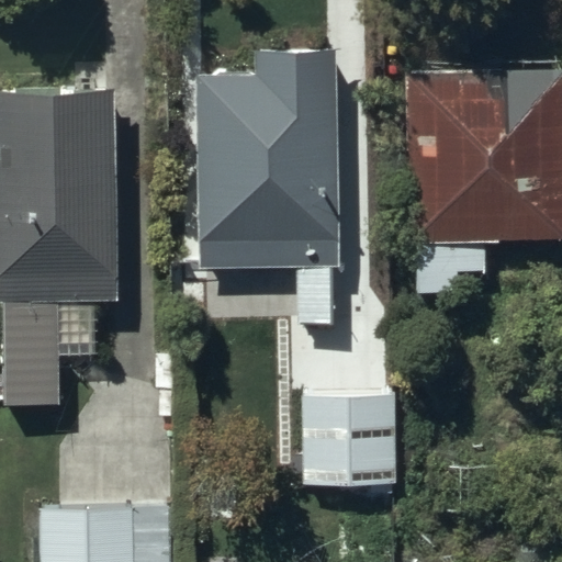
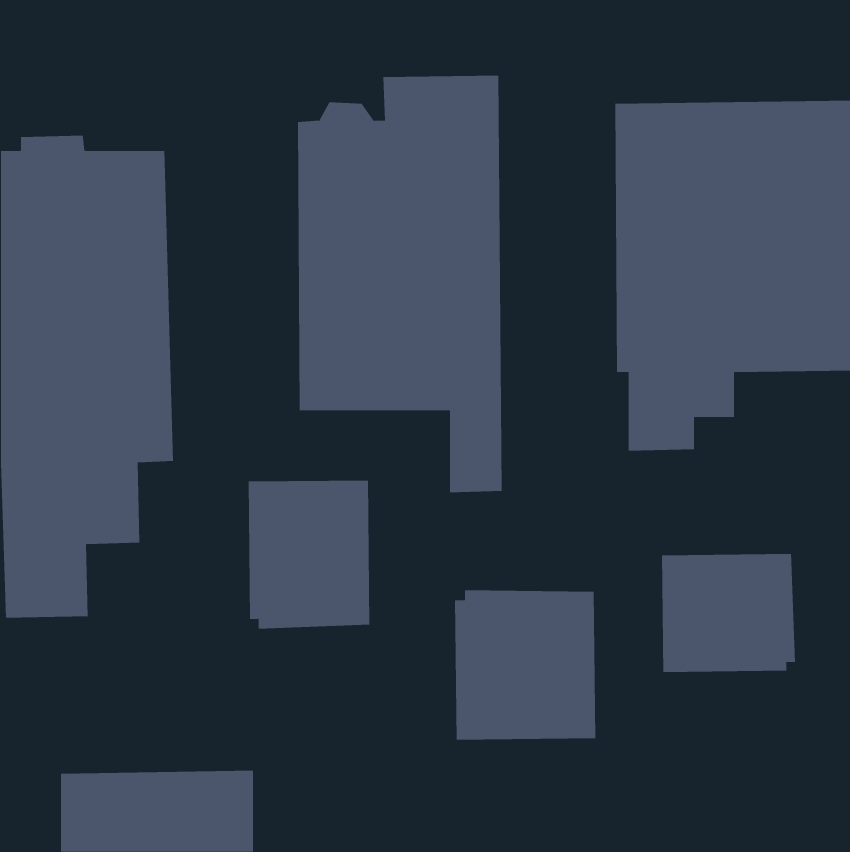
building: none -> [248,480,370,629]
building: none -> [662,553,796,673]

